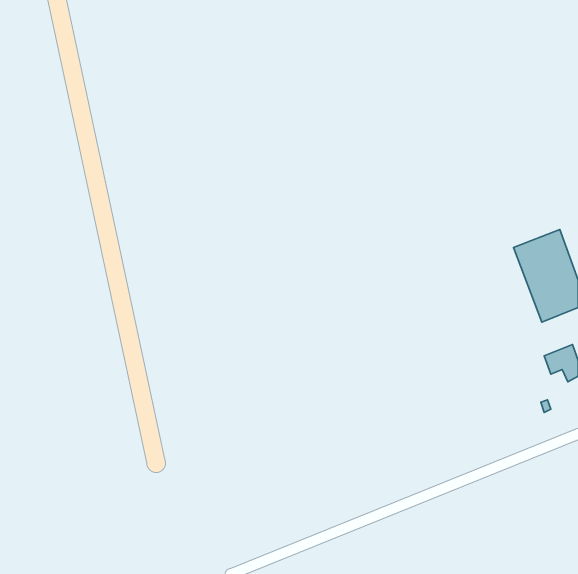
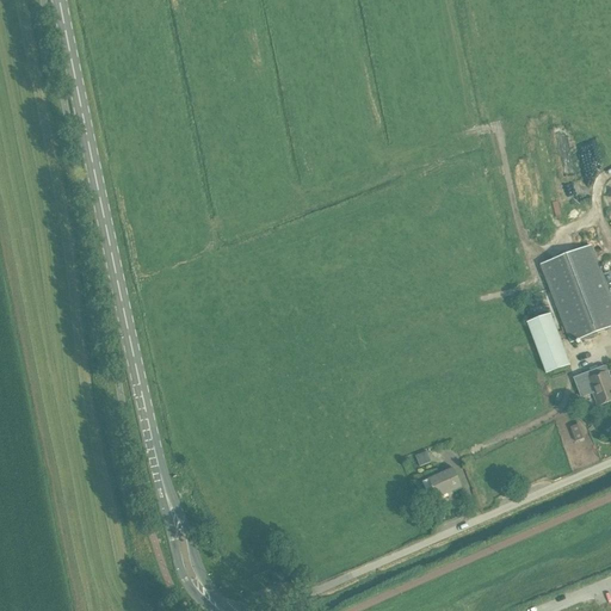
building: none -> [527,313,569,371]
building: none -> [422,465,462,496]

